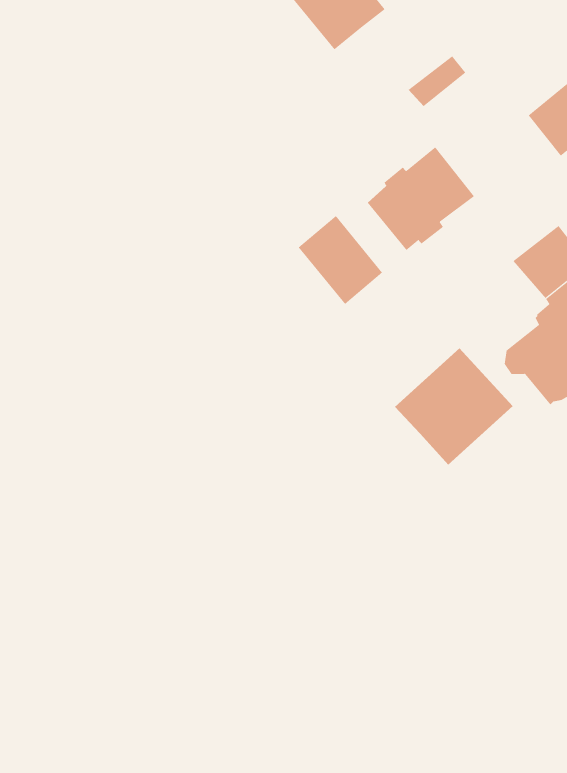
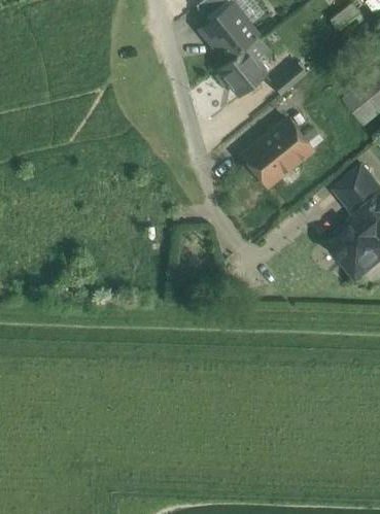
building: none -> [217,48,266,97]
building: [298,215,383,305] -> none
building: [394,347,514,466] -> none

